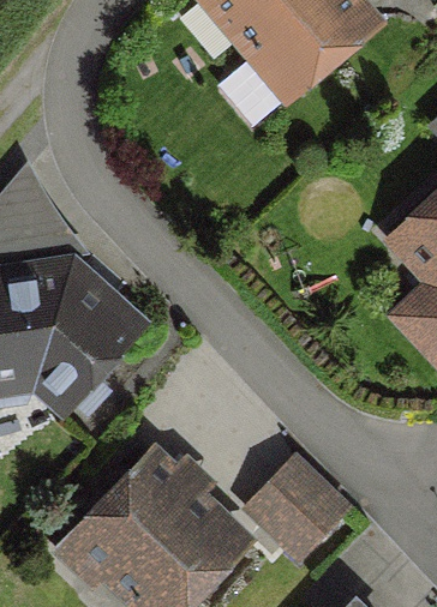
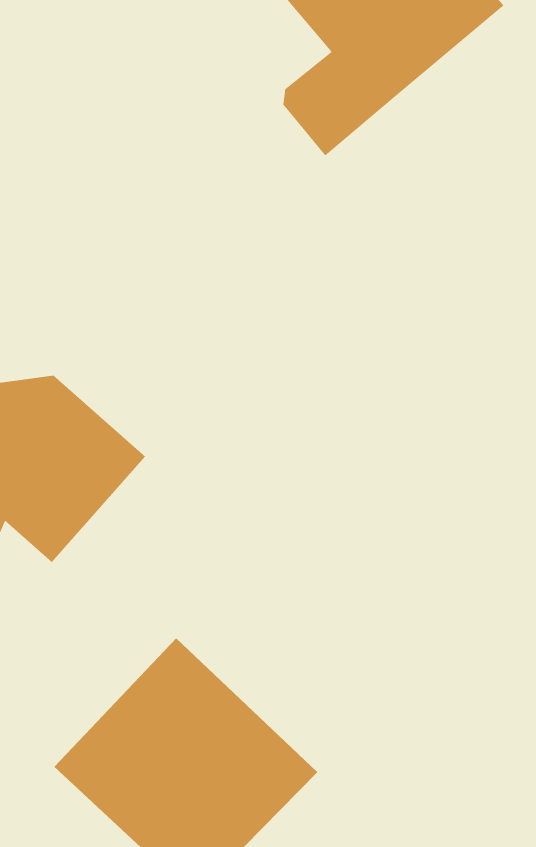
building: [258,458,346,558] -> none

